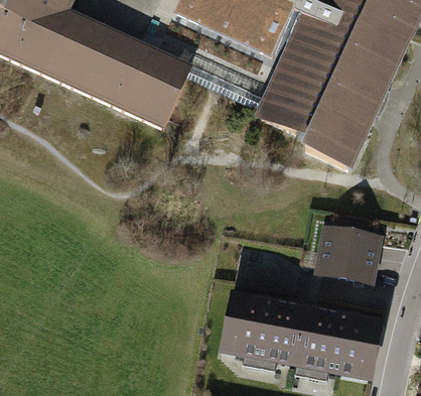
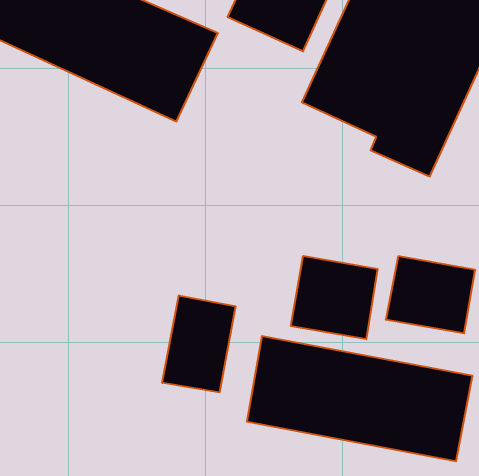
building: none -> [291,256,377,339]
building: none -> [162,295,236,392]

